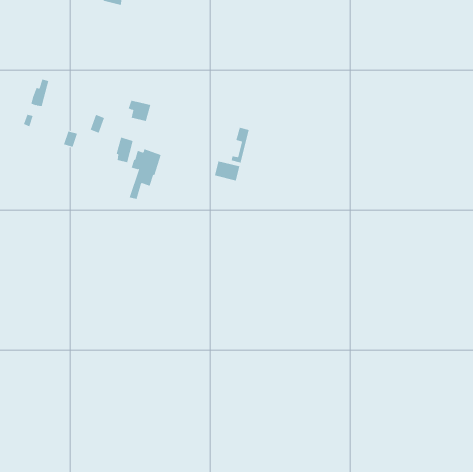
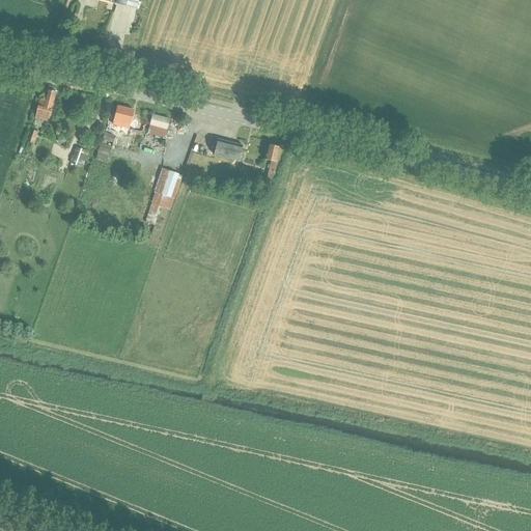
building: [116,137,133,163] -> [112,104,132,133]
building: [214,161,240,181] -> [213,137,242,160]

